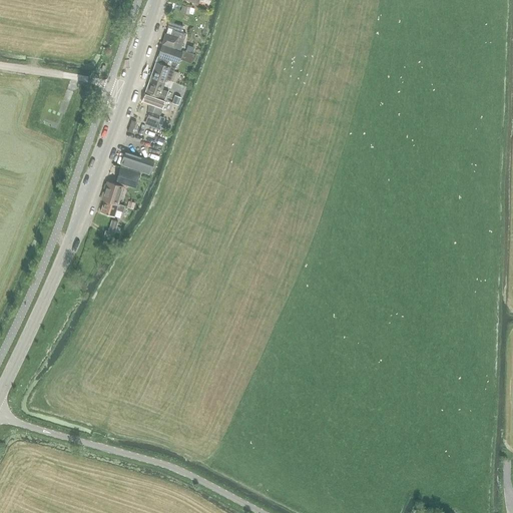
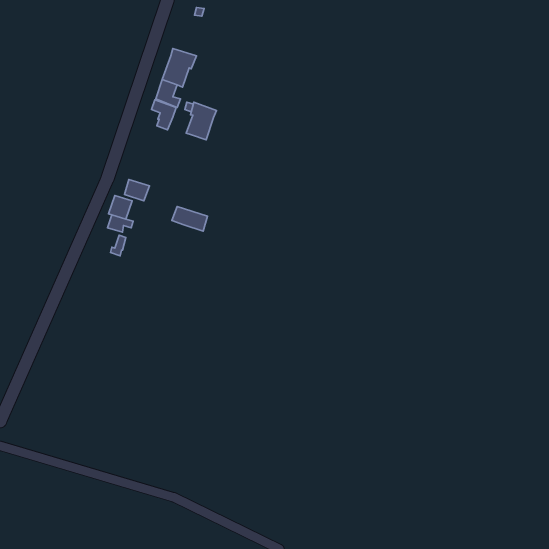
building: [161,22,185,50] -> none
building: none -> [186,102,216,140]
building: [120,152,153,175] -> [172,206,207,231]

